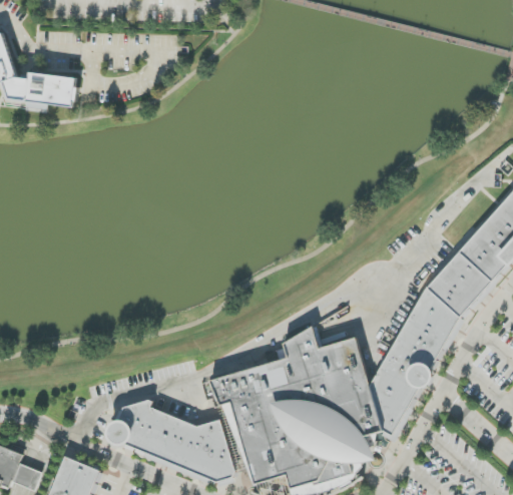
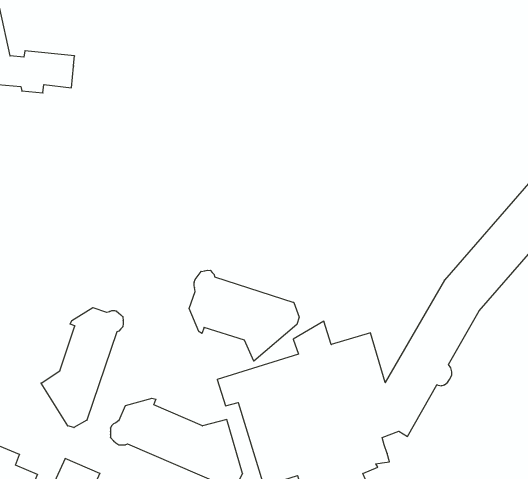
building: none -> [189,270,299,361]
building: none -> [41,308,123,428]

